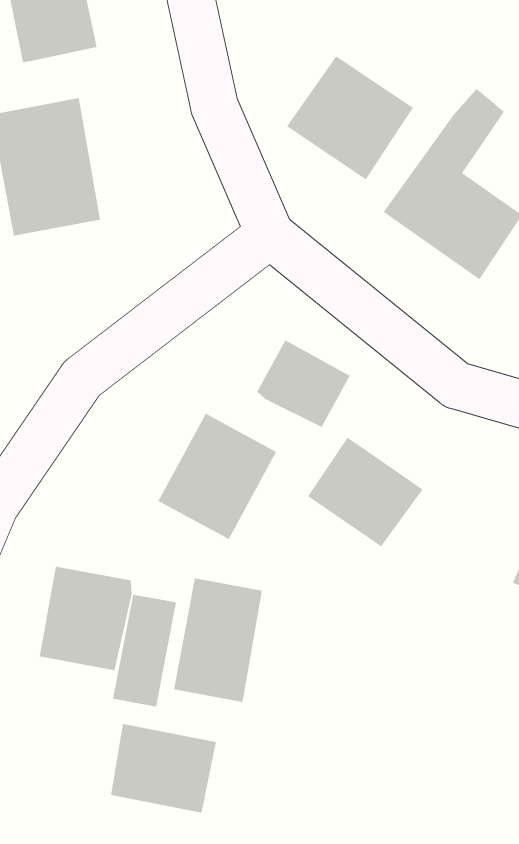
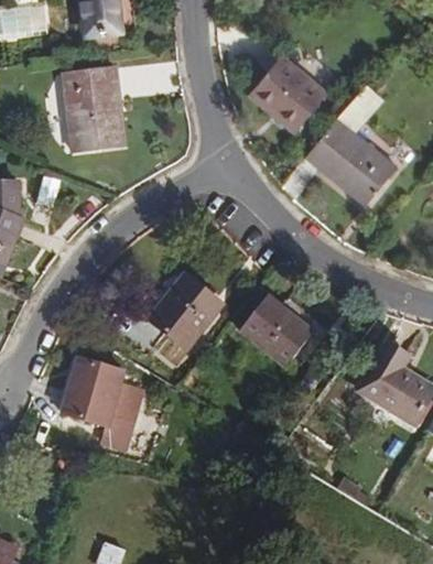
building: [257,340,350,428] -> none
building: [173,577,263,703] -> none
building: [110,723,217,813] -> none

